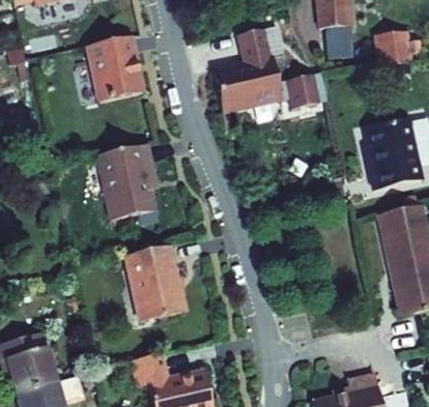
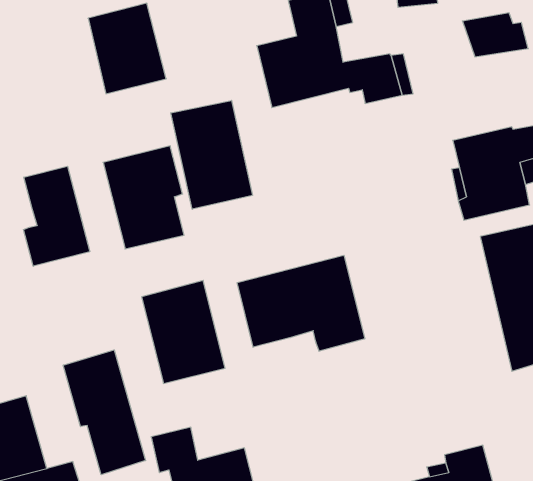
building: none -> [171,100,252,209]
building: none -> [23,166,90,266]
building: none -> [237,255,365,351]
building: none -> [63,350,146,475]

